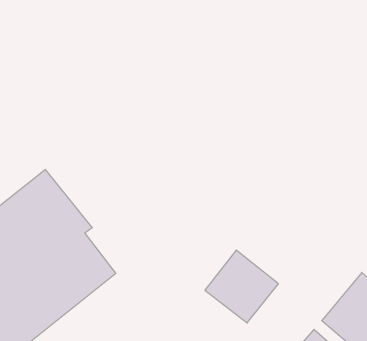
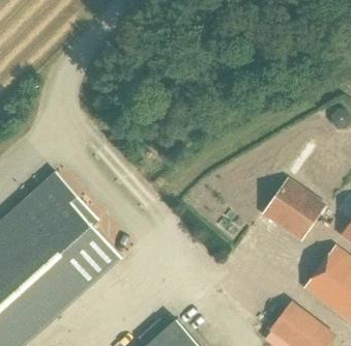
building: [205,250,278,323] -> [262,178,325,240]

